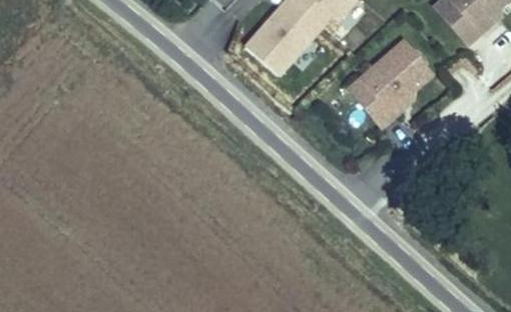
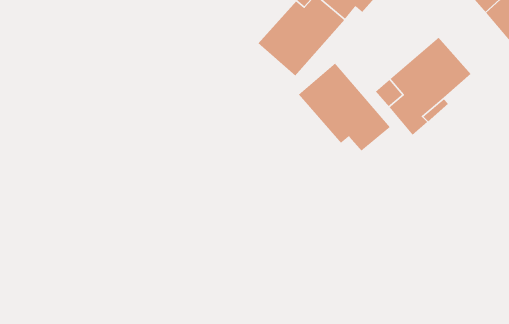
building: none -> [298,62,391,151]

